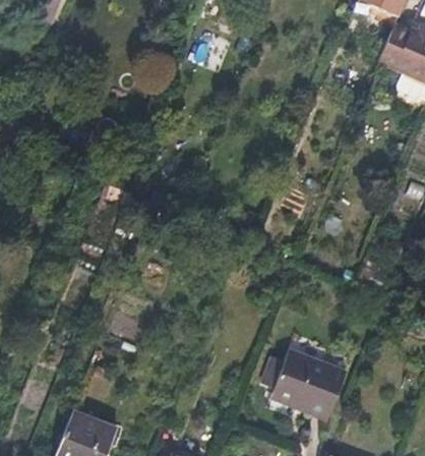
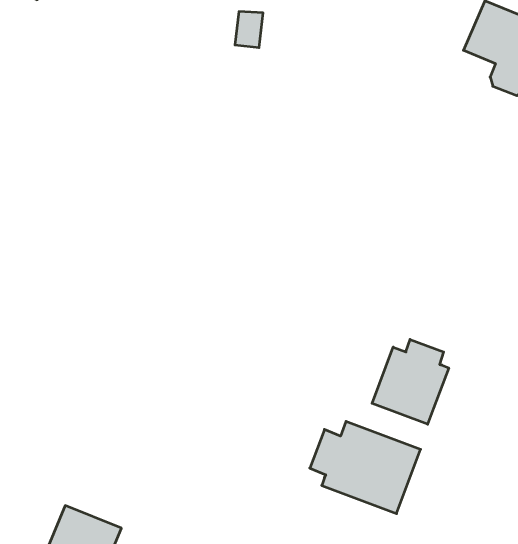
building: none -> [372,339,449,424]

